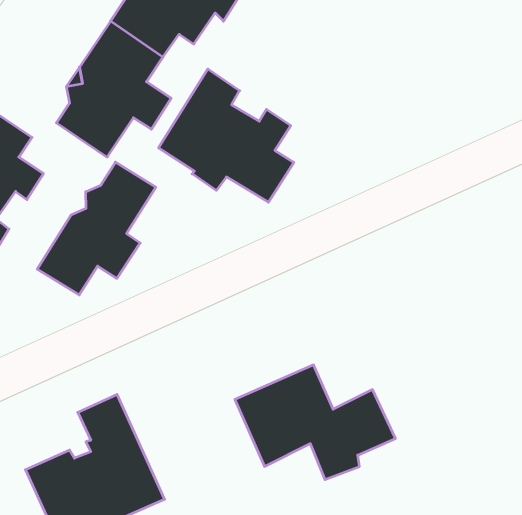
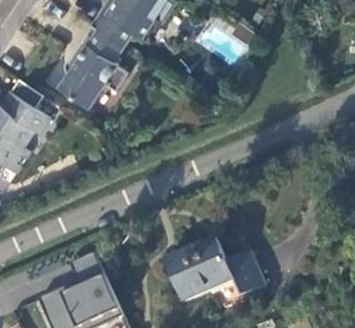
building: [159,69,294,202] -> none
building: [37,162,156,295] -> none

